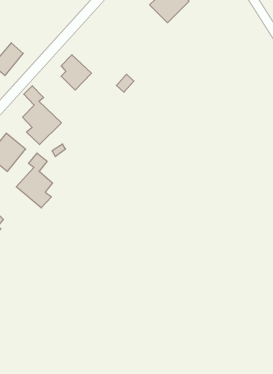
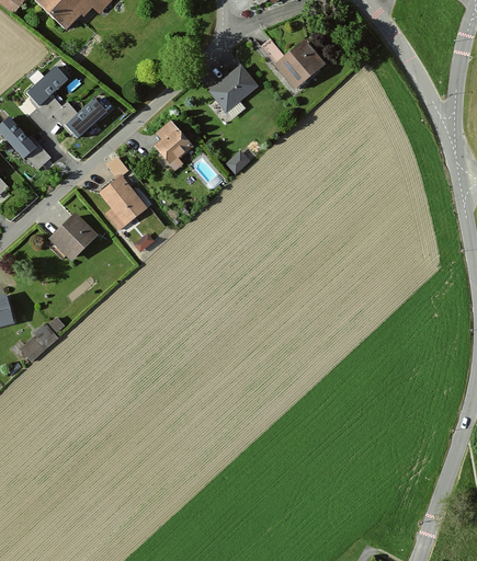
building: none -> [207,65,258,113]
building: [16,153,53,208] -> none

